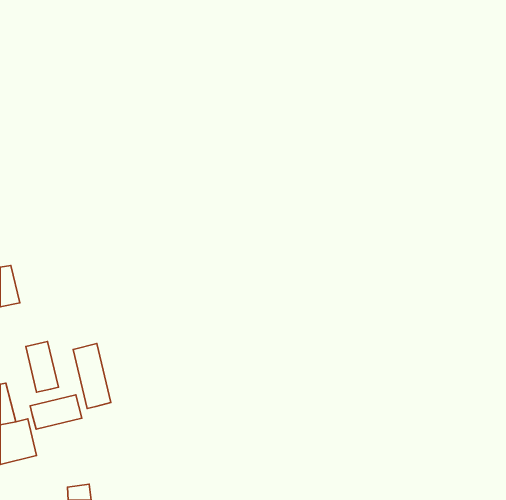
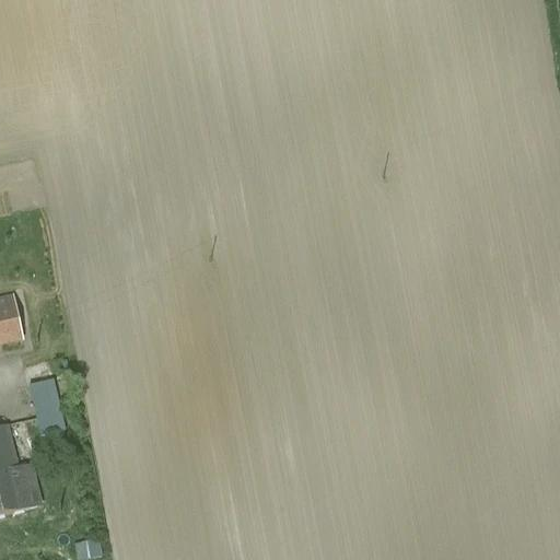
building: [73,343,111,408] -> none
building: [30,395,82,429] -> none

